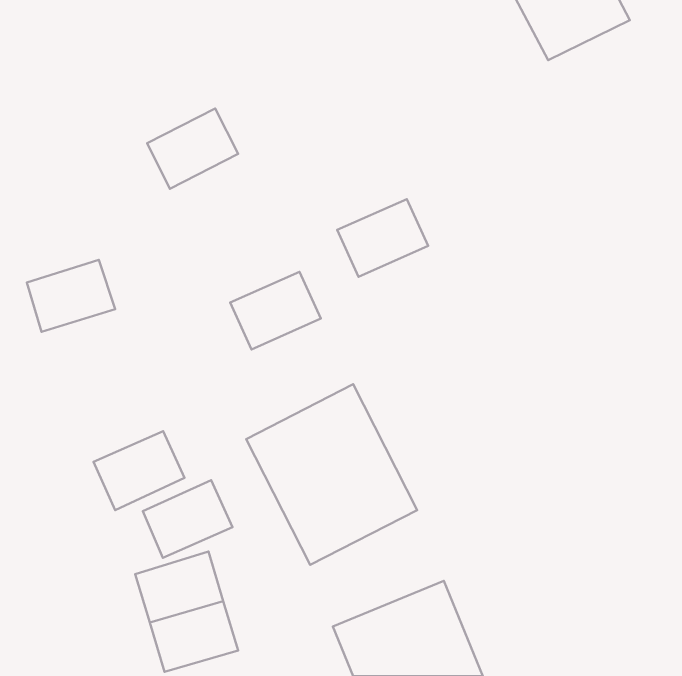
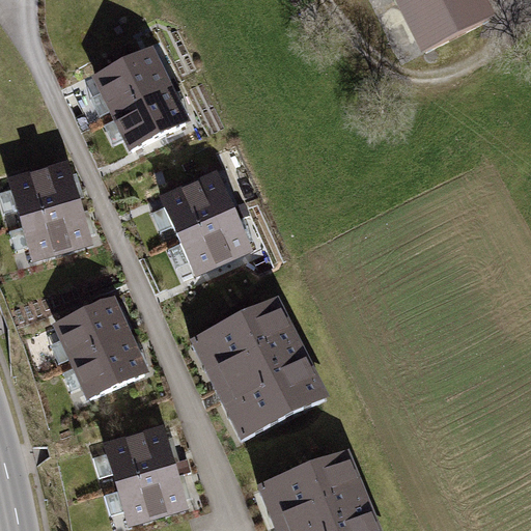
building: none -> [95,49,167,111]
building: [337,199,428,277] -> [162,174,232,234]
building: none -> [9,163,77,219]
building: [143,480,232,558] -> [57,298,127,358]

